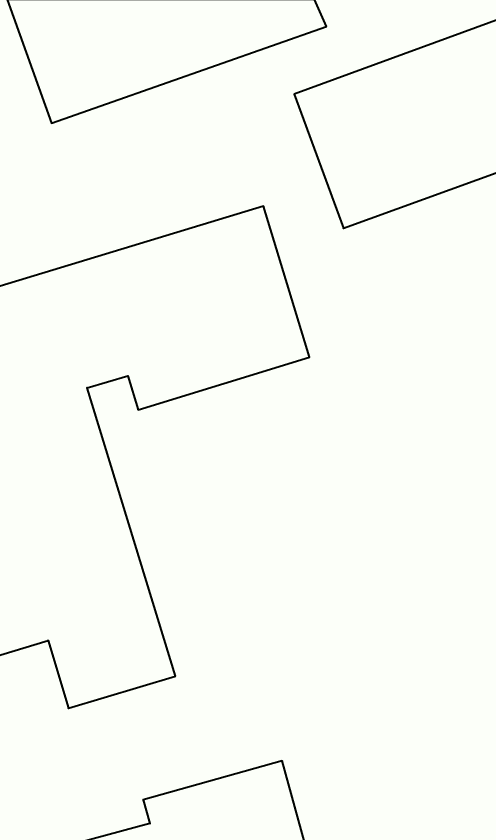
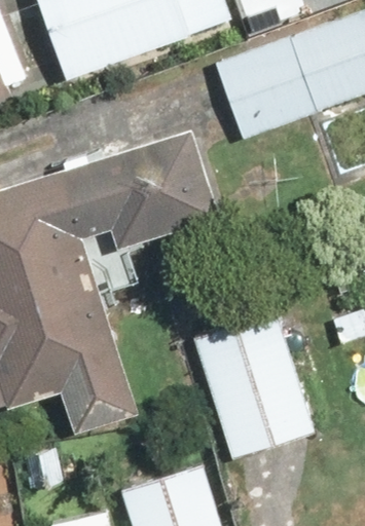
building: none -> [186,312,309,462]

